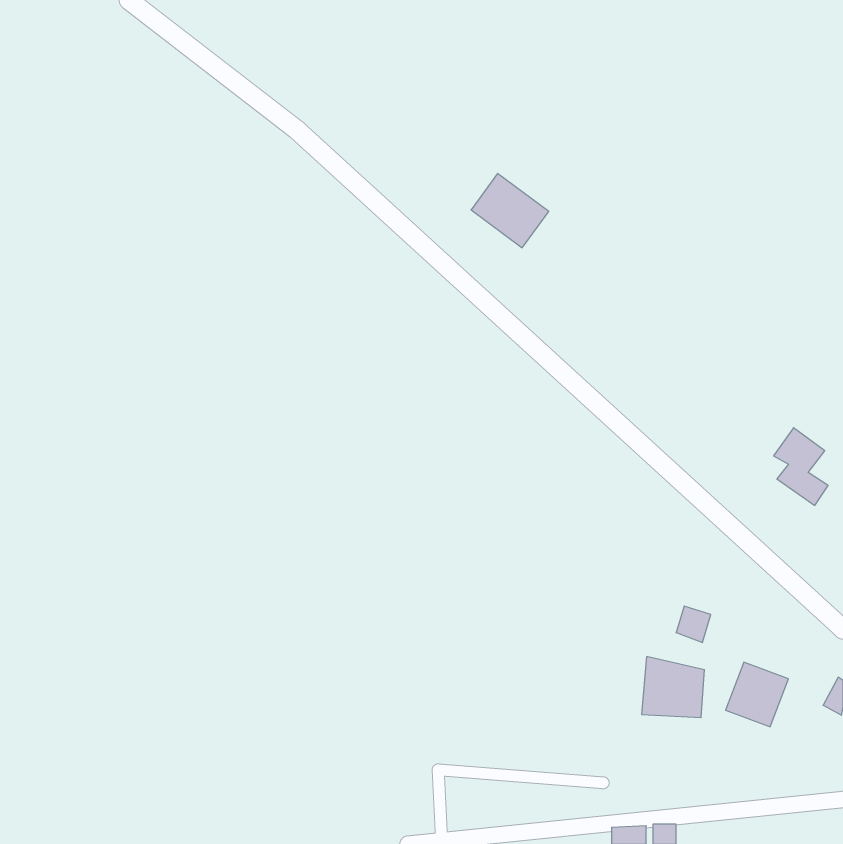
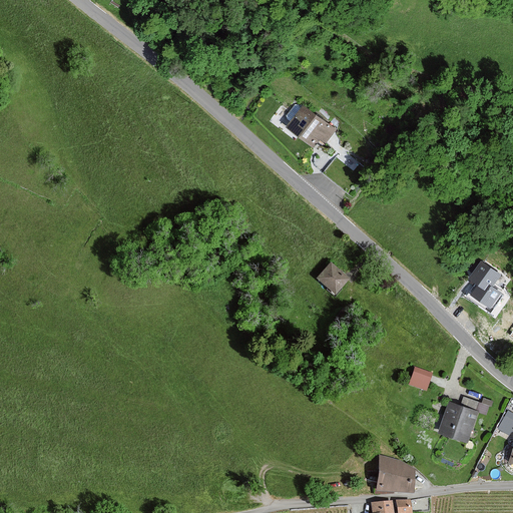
building: none -> [318,265,347,294]
building: [642,657,704,718] -> [376,456,414,493]

